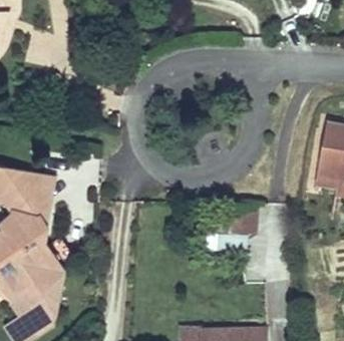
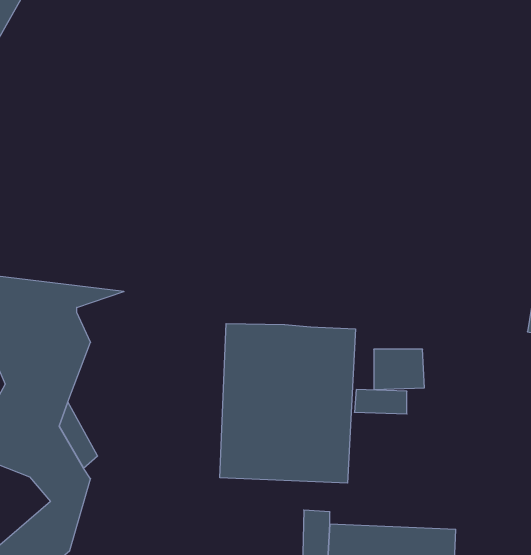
building: none -> [220,324,355,483]

